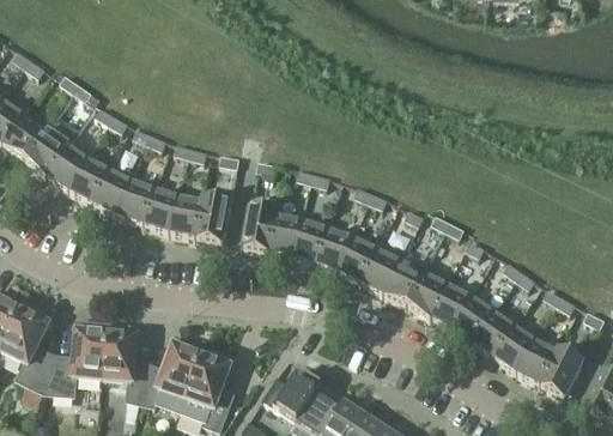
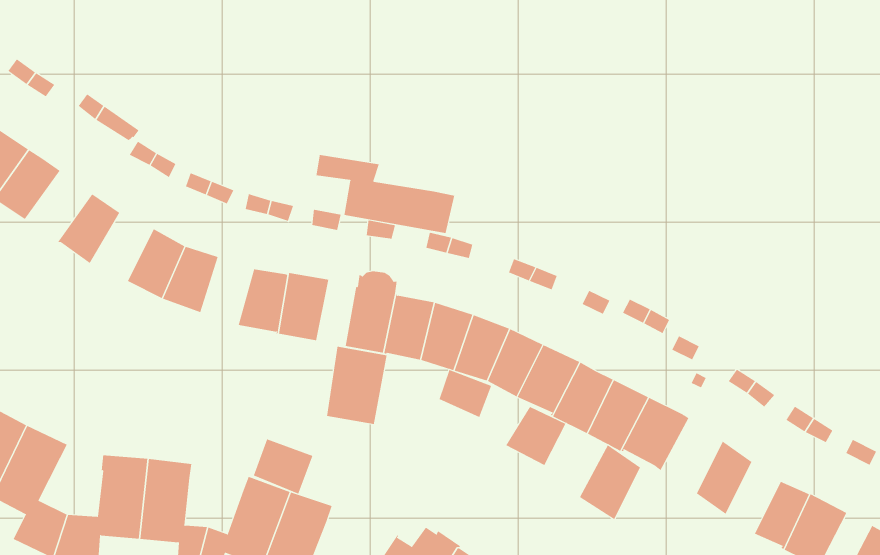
building: none -> [316,154,455,234]
building: [24,128,69,177] -> none
building: [68,157,111,204] -> none
building: [144,187,180,234] -> none
building: none -> [326,346,387,425]
building: none -> [439,369,492,418]
building: none -> [506,406,566,466]
building: [457,297,499,349] -> [579,445,641,520]
building: none -> [253,438,313,494]
building: [502,327,539,376] -> none

